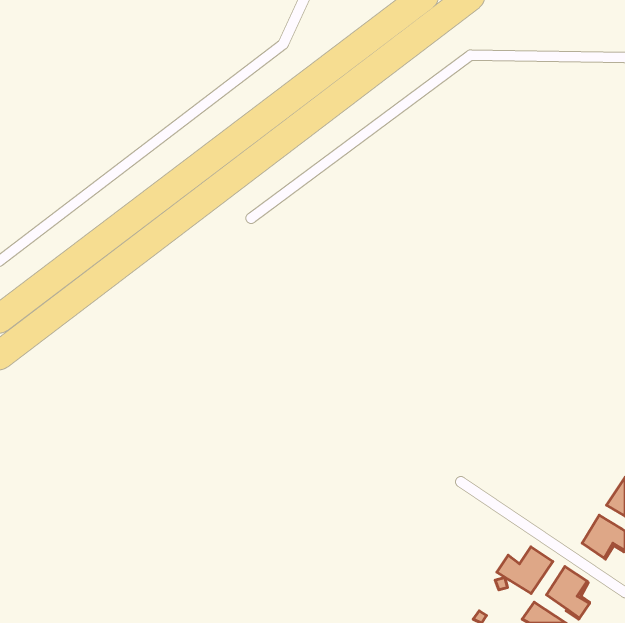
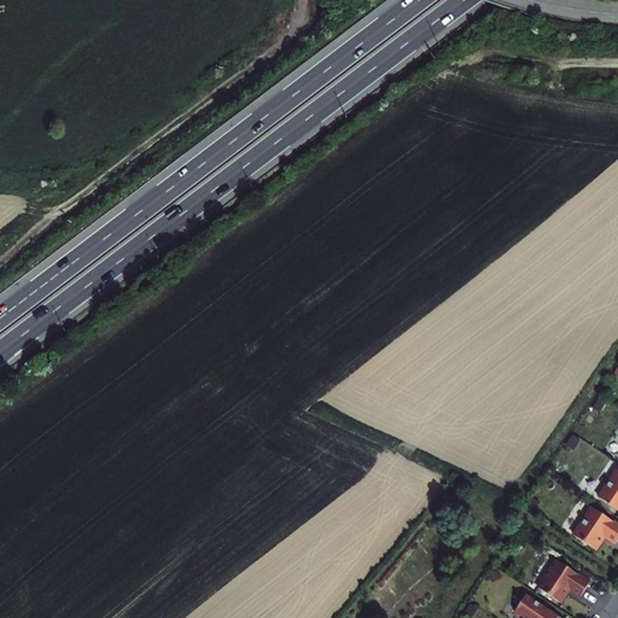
building: [497,547,553,594] -> none

